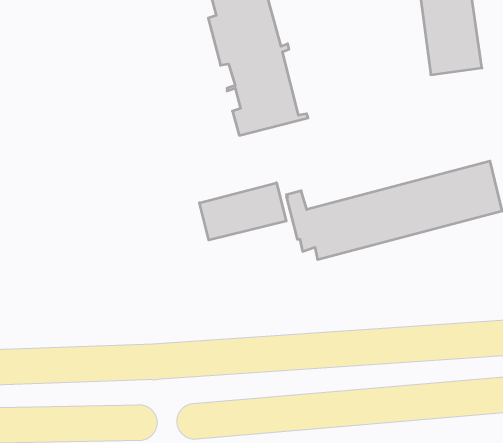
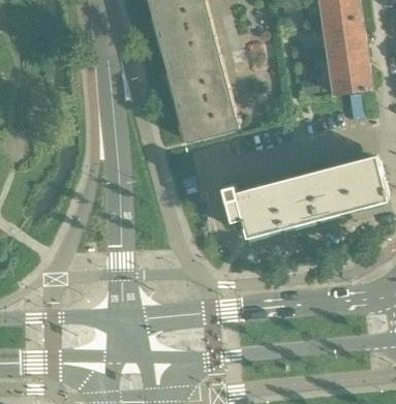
building: [199,183,286,240] -> none

